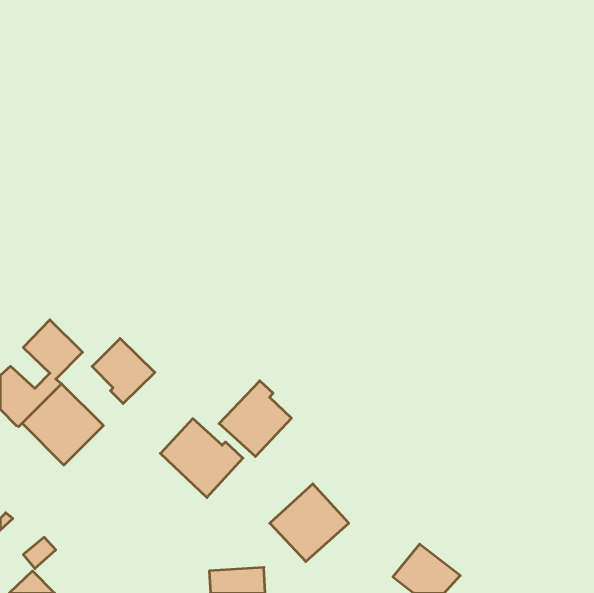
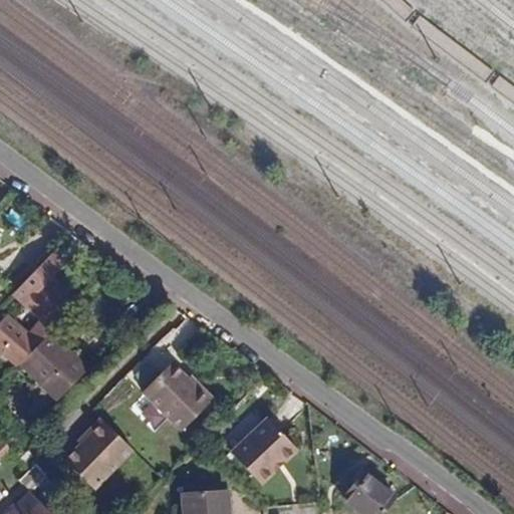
building: [92,338,155,404] -> none
building: [219,381,291,457] -> none
building: none -> [58,417,126,488]

